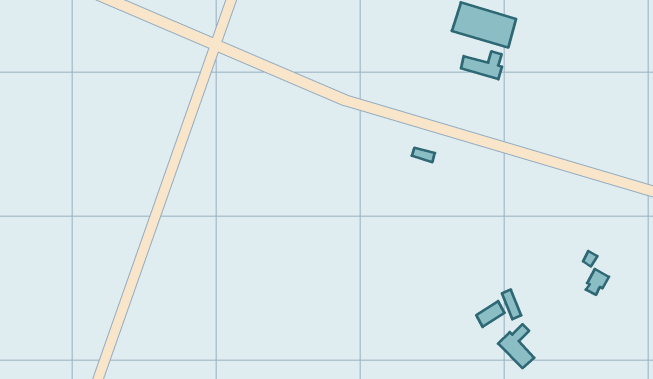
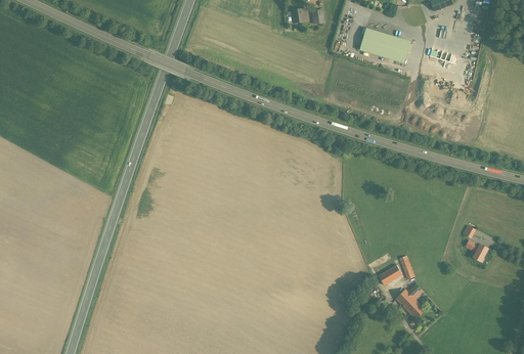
building: [461,51,502,79] -> none

